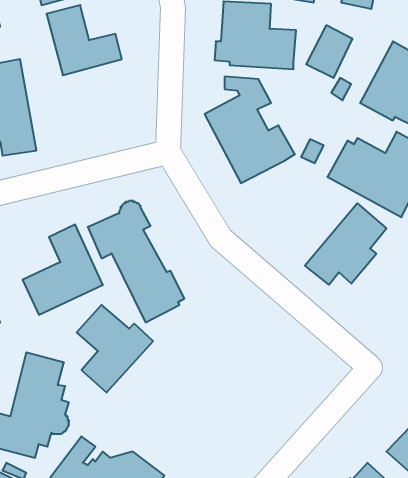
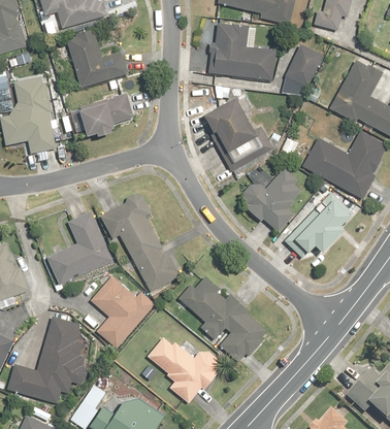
building: none -> [83,92,134,133]
building: none -> [238,169,298,234]
building: none -> [182,272,269,362]
building: none -> [149,335,222,401]

